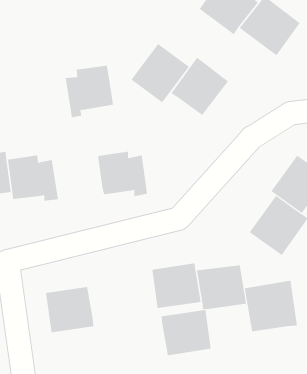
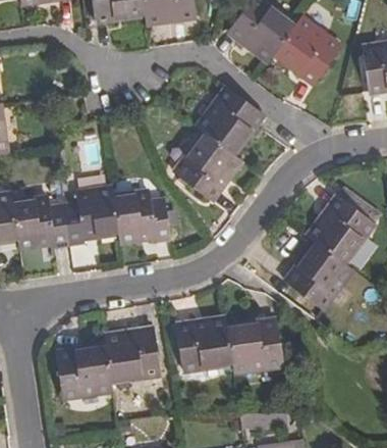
building: [131,43,190,103] -> [174,133,240,200]
building: [65,65,114,118] -> [64,188,119,247]
building: [244,280,298,332] -> none
building: [161,310,212,356] -> [103,329,160,381]

